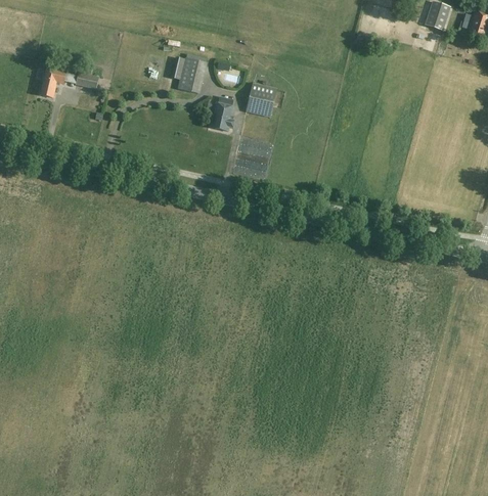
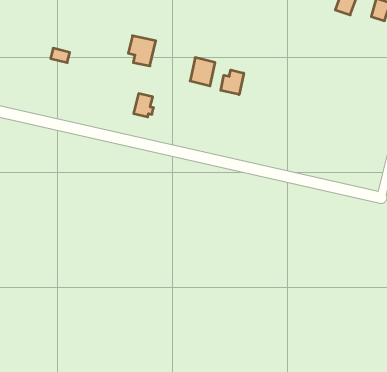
building: [40,67,64,96] -> none
building: none -> [221,70,244,95]
building: [209,102,233,131] -> [134,94,154,117]

